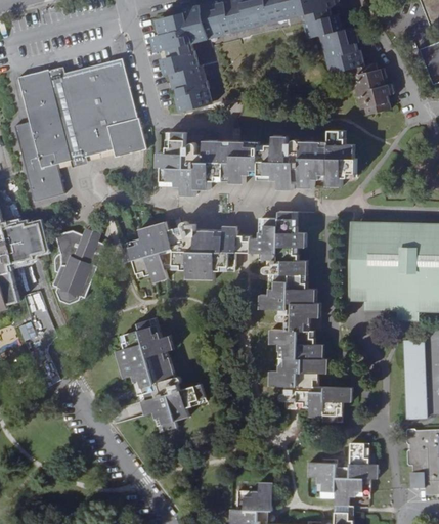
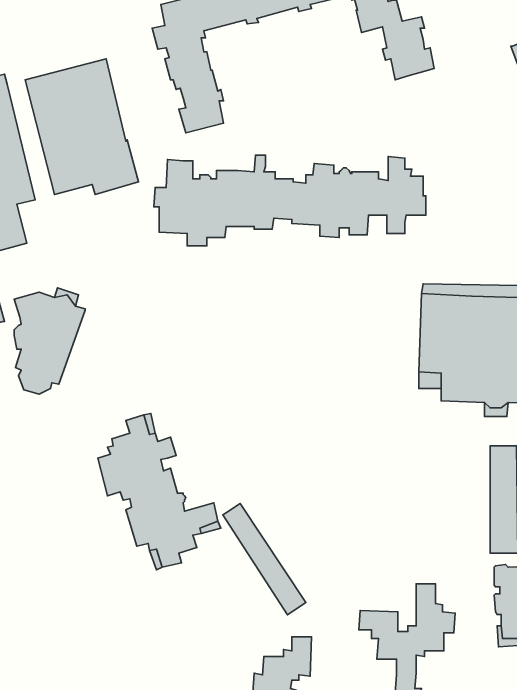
building: [351,62,391,114] -> none
building: [50,73,85,161] -> none
building: [122,210,353,421] -> none
building: none -> [223,503,306,615]

